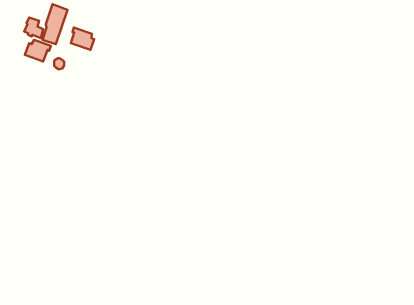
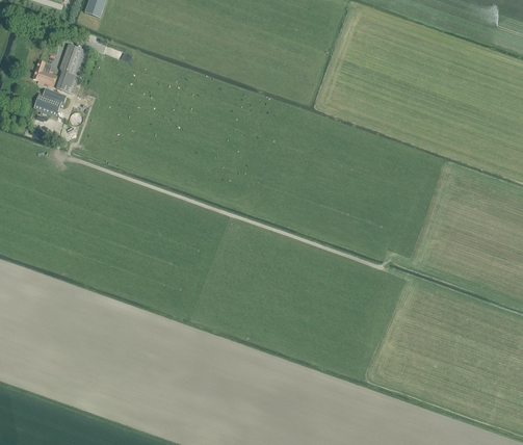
building: [71,28,94,50] -> none

